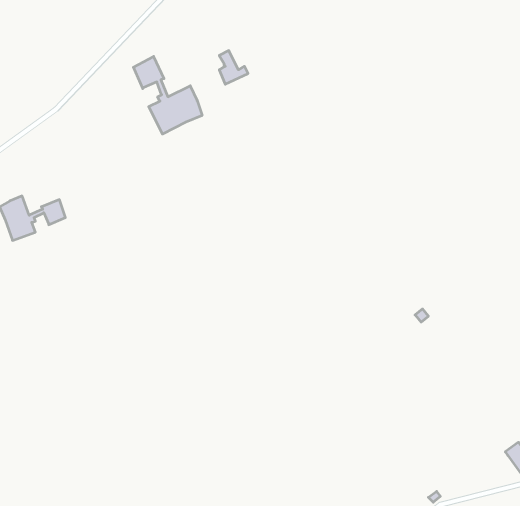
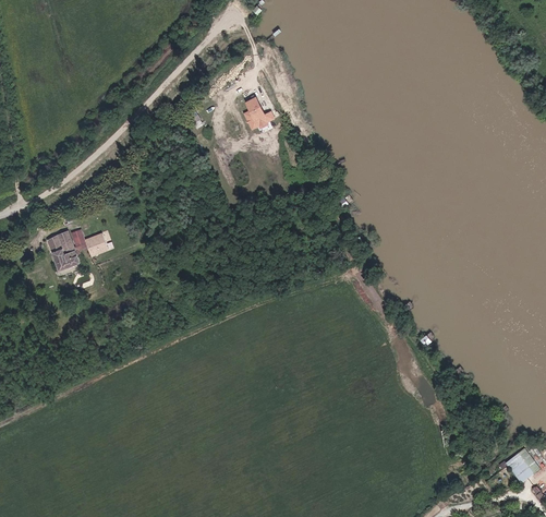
building: [133,56,202,134] -> none

